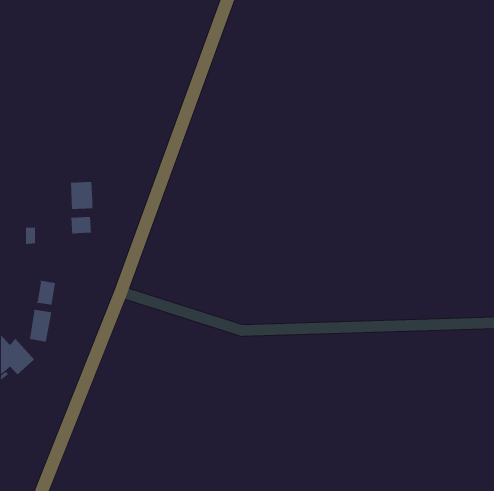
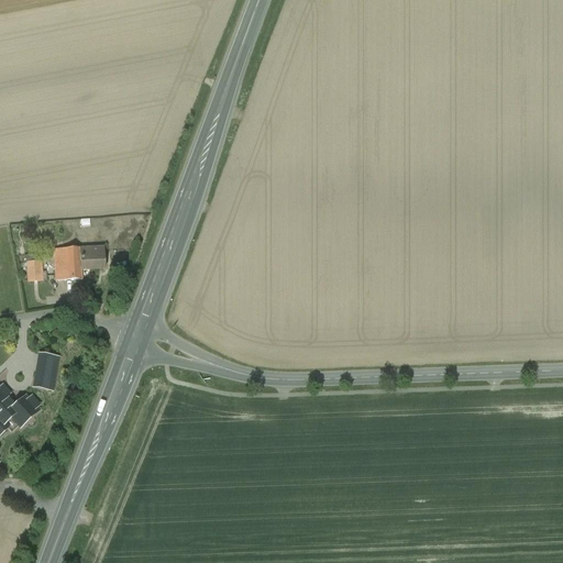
building: [70,181,93,209] -> [55,246,81,278]
building: [36,280,55,306] -> none

